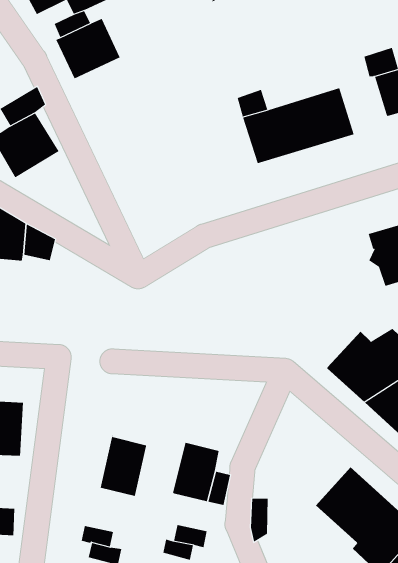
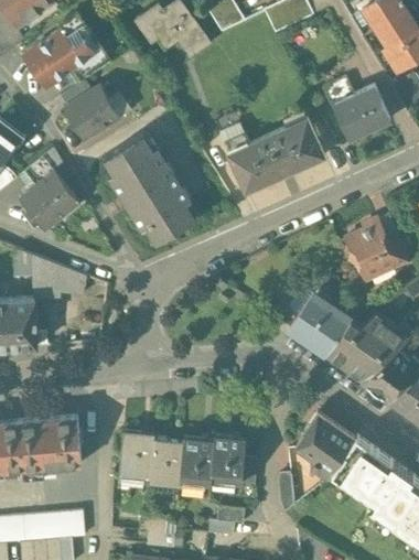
building: none -> [105,136,196,245]
building: none -> [290,295,351,355]
building: none -> [119,429,154,481]
building: none -> [296,417,357,472]
building: none -> [181,433,216,484]

